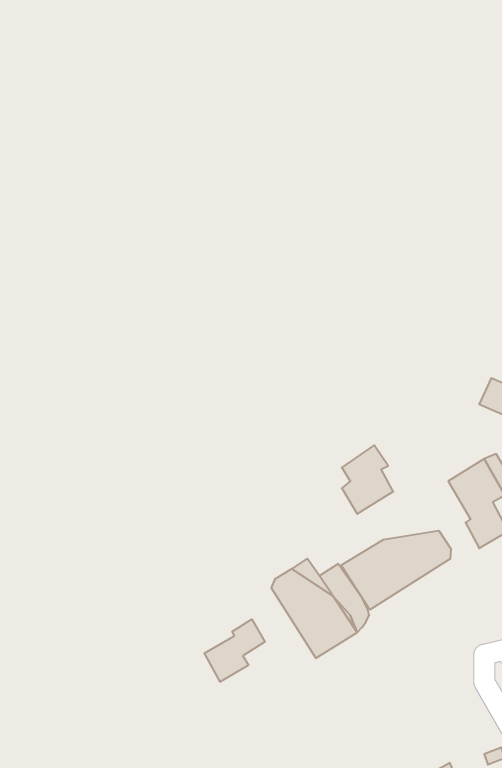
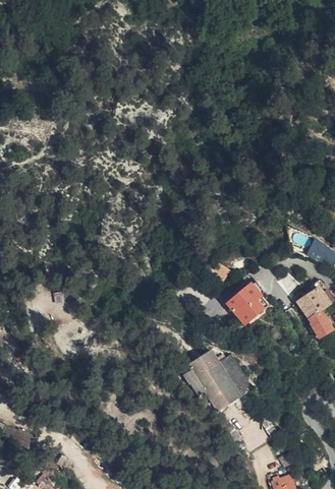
building: [341,531,451,610] -> none
building: [204,619,265,682] -> none

